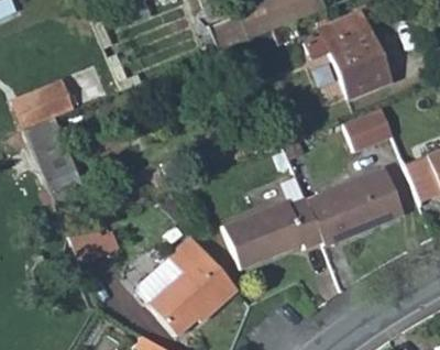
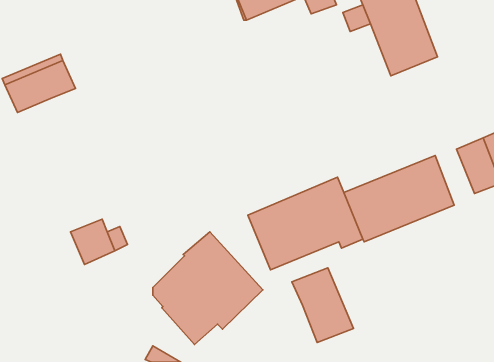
building: [344,108,393,151] -> none
building: [22,118,84,203] -> none
building: none -> [292,268,353,342]

